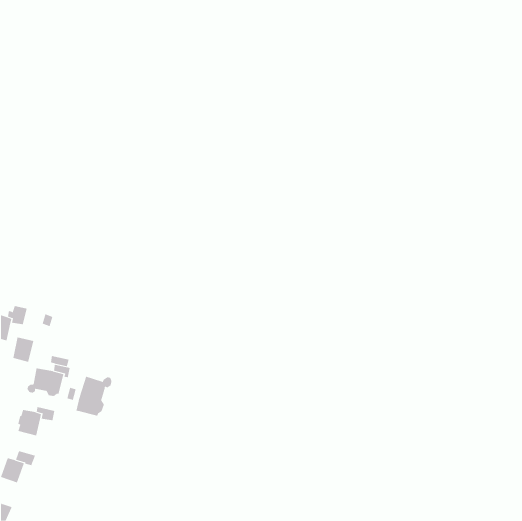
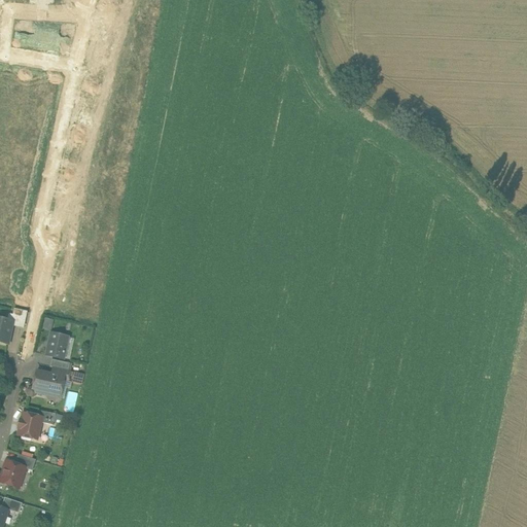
building: [13,337,34,362] -> [46,332,68,358]
building: [76,376,112,417] -> none

